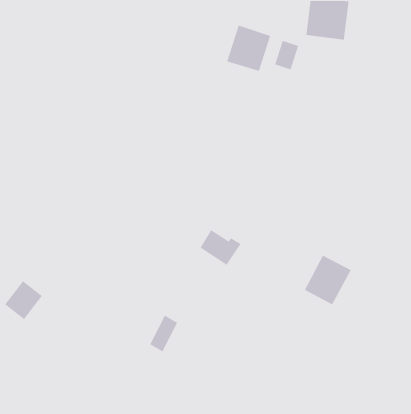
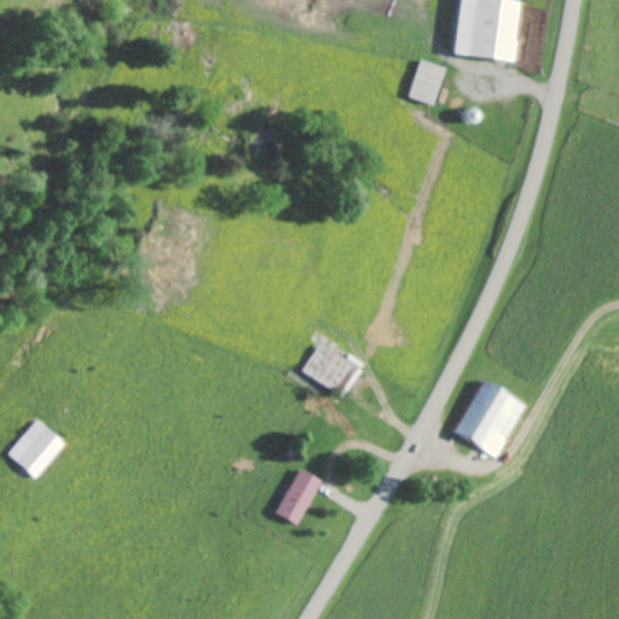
building: [226,25,271,72] -> none
building: [149,315,178,353] -> [272,468,316,525]

